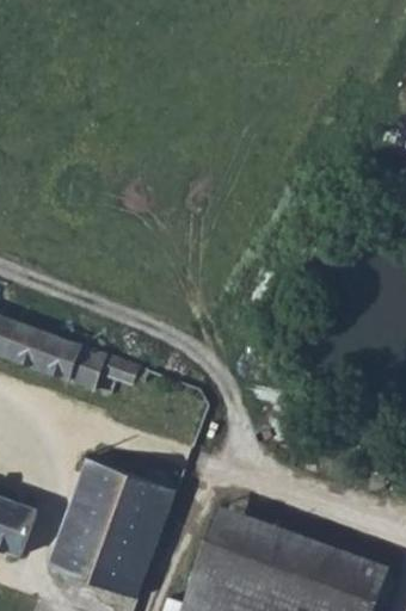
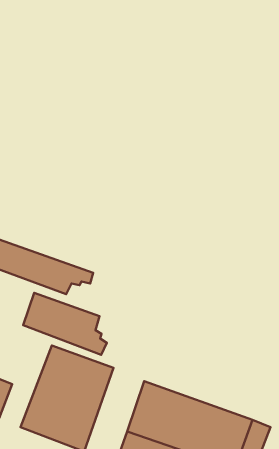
building: none -> [23,293,107,355]

